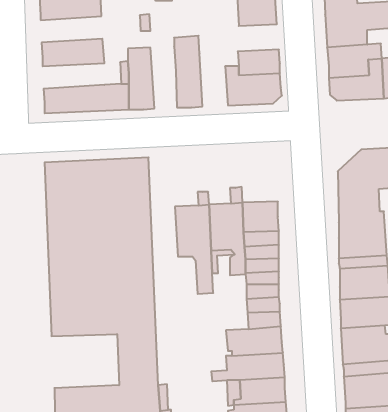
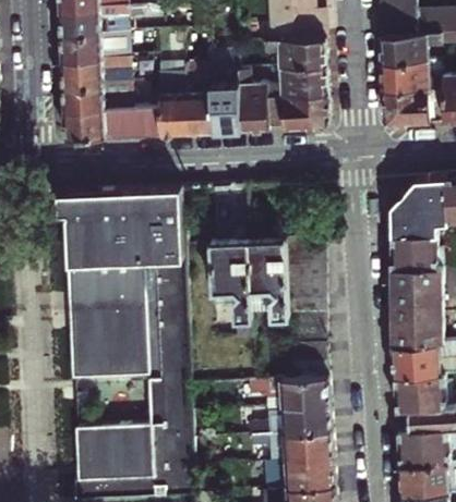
building: none -> [59,30,128,60]
building: none -> [261,39,324,70]
building: none -> [181,64,211,133]
building: none -> [236,72,267,131]
building: none -> [61,83,130,111]

